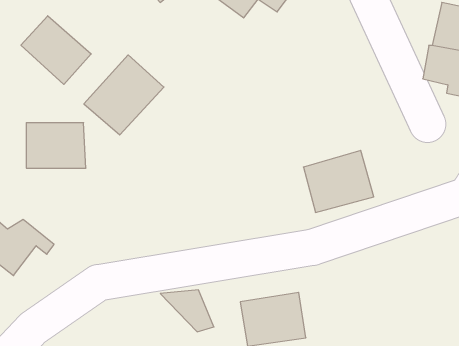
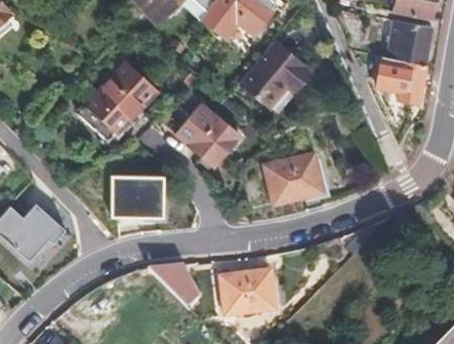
building: [21,16,91,84] -> none
building: none -> [242,34,313,101]
building: none -> [172,103,238,166]
building: [26,123,86,168] -> [113,180,164,219]

